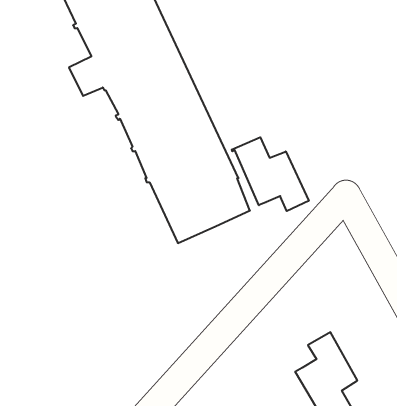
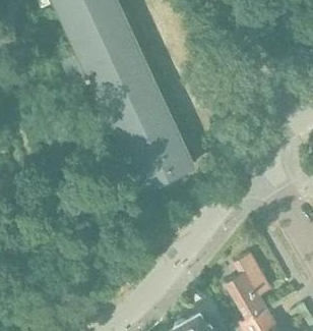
building: [232,137,309,211] -> none

